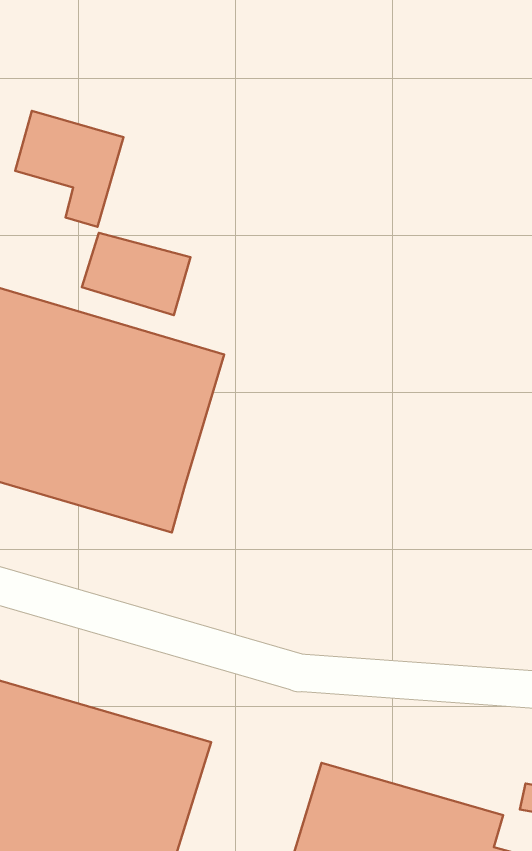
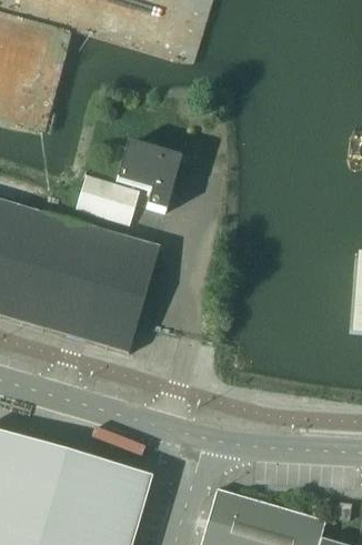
building: [15,111,124,227] -> [117,143,181,212]

